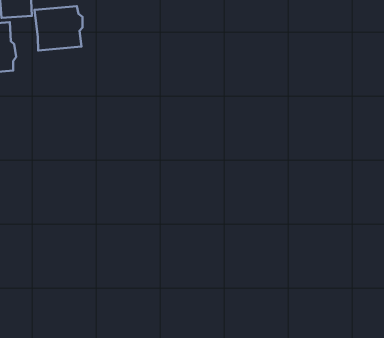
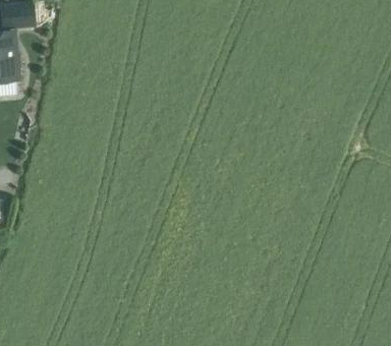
building: [35,6,83,51] -> none

